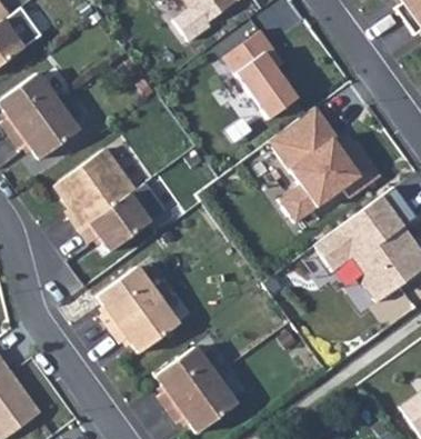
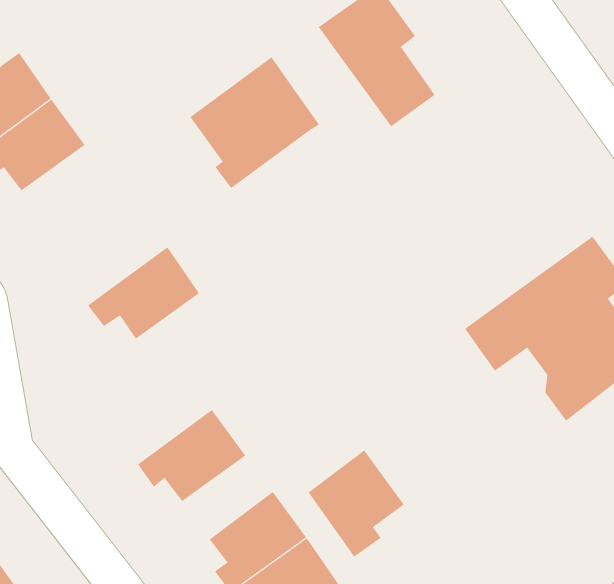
building: [272,102,387,216] -> none
building: [54,148,136,230] -> [190,57,320,189]
building: [97,266,158,329] -> none
building: none -> [308,450,405,558]

